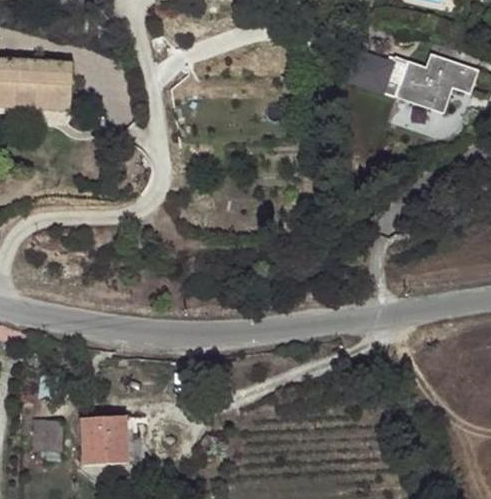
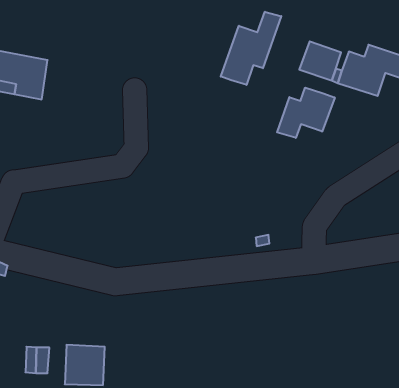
building: none -> [221,12,281,85]
building: none -> [277,88,335,138]

